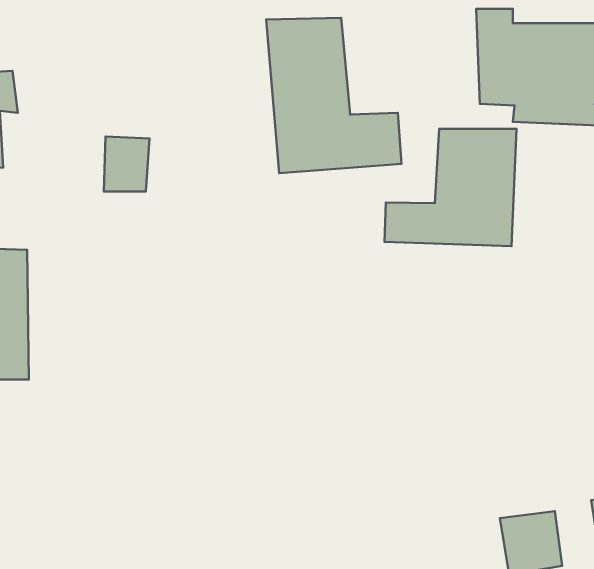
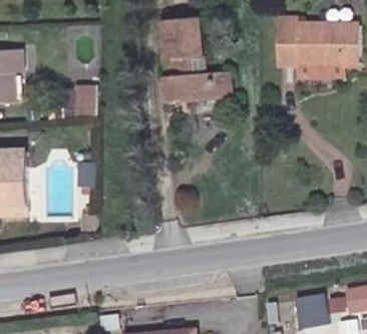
building: [385,129,516,246] -> none

